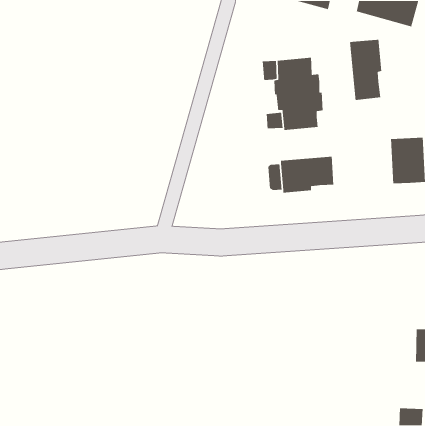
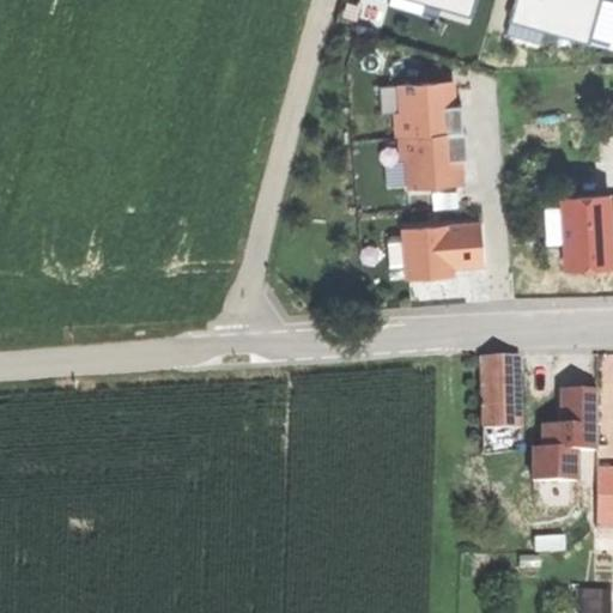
building: [349,39,382,101] -> none
building: none -> [486,358,520,429]
building: none -> [534,392,599,482]

